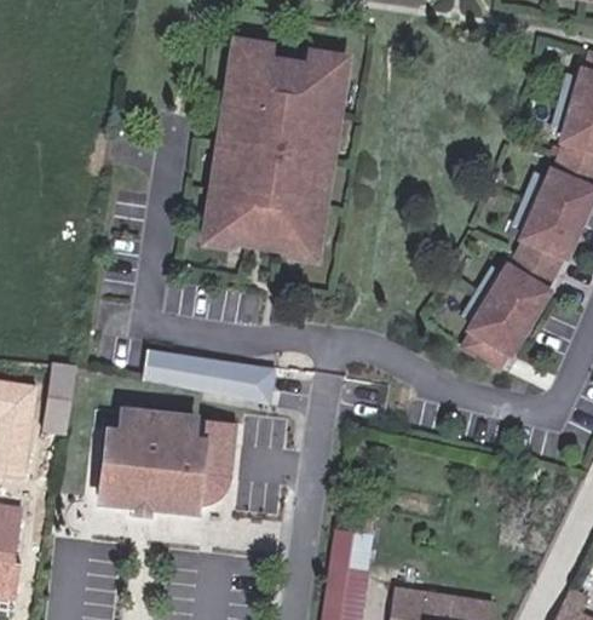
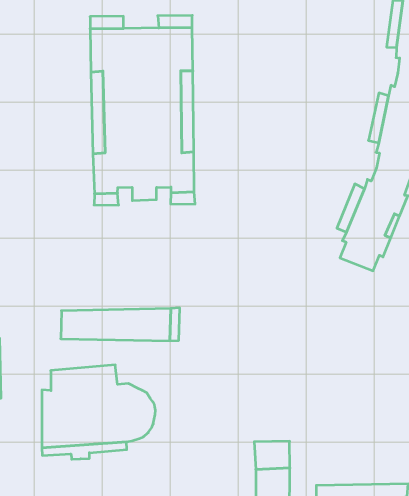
building: [197,419,242,476] -> none

